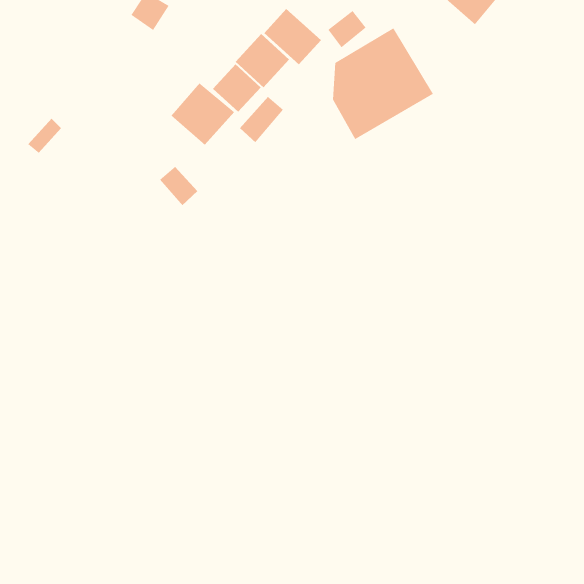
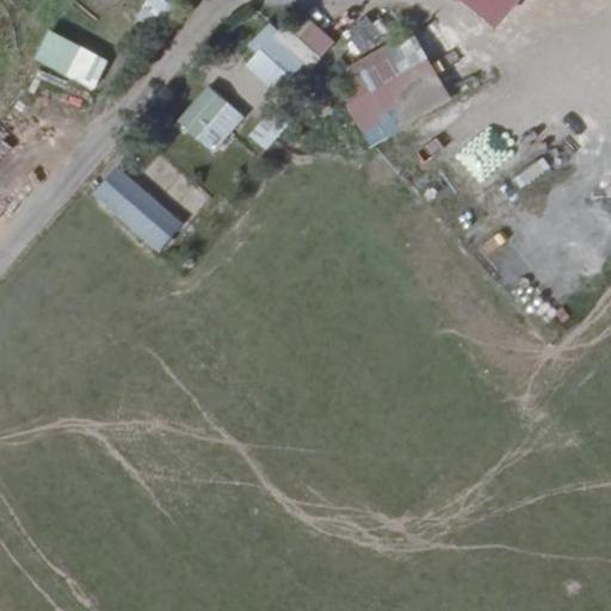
building: none -> [35,30,109,91]
building: [212,64,261,113] -> none
building: none -> [92,167,183,252]

